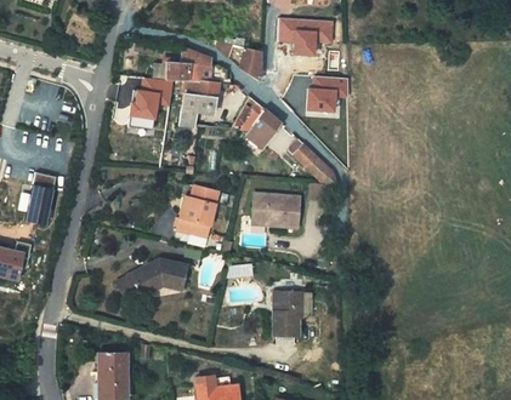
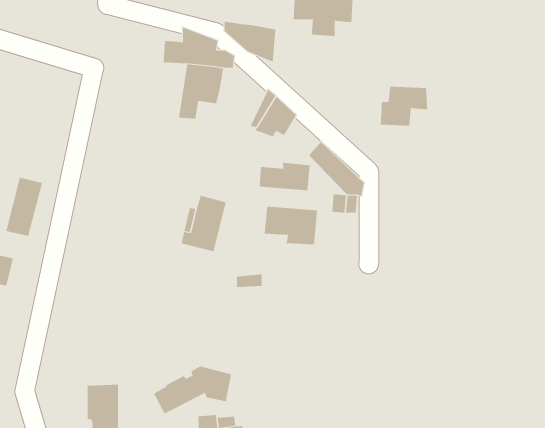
building: [129,74,170,114] -> none
building: [306,74,348,109] -> [380,86,428,126]
building: none -> [259,162,310,191]
building: [115,263,184,305] -> [153,366,232,414]
building: [271,292,302,337] -> none

